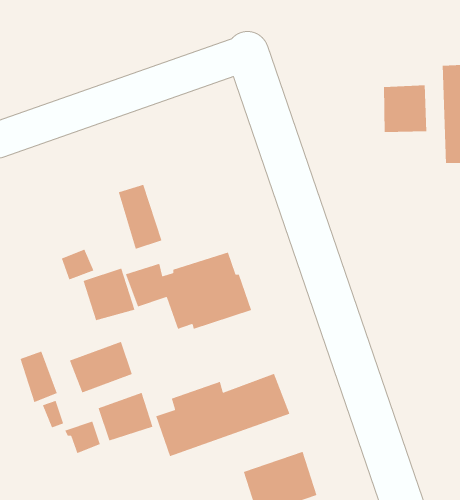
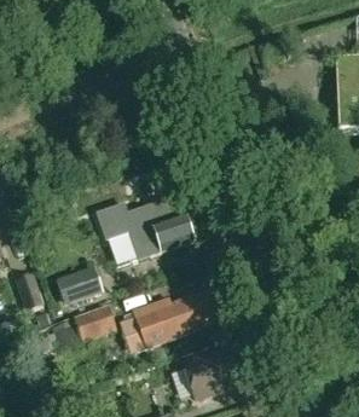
building: [383,84,427,133] -> none
building: [118,184,162,250] -> none
building: [83,268,136,321] -> none

